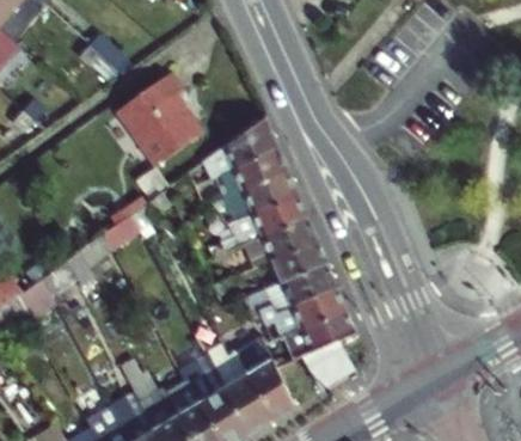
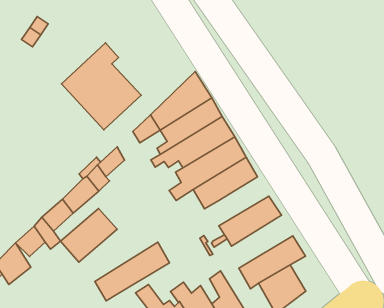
building: [270,239,325,281] -> none
building: none -> [60,208,117,262]
building: [262,284,345,341] -> [95,242,169,301]

